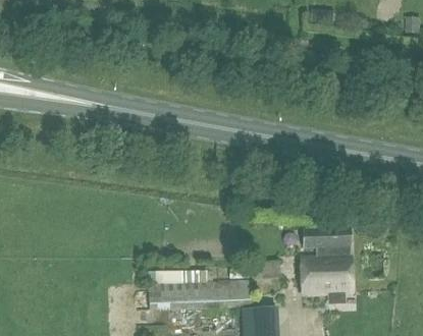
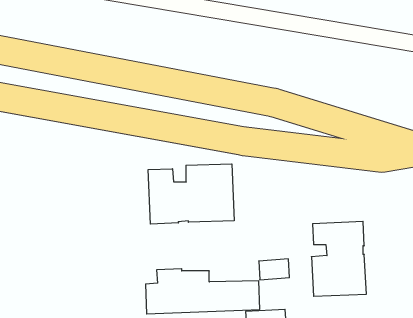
building: none -> [148,164,234,224]

